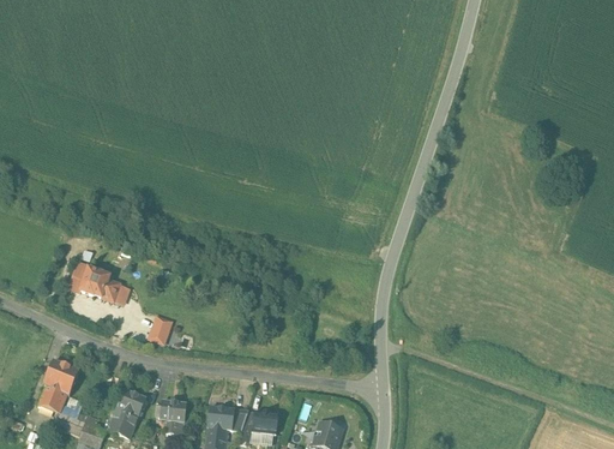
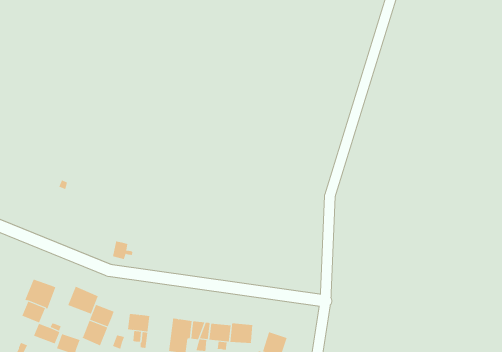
building: [71,262,120,299] -> none
building: none -> [67,286,99,315]
building: none -> [230,323,253,344]

